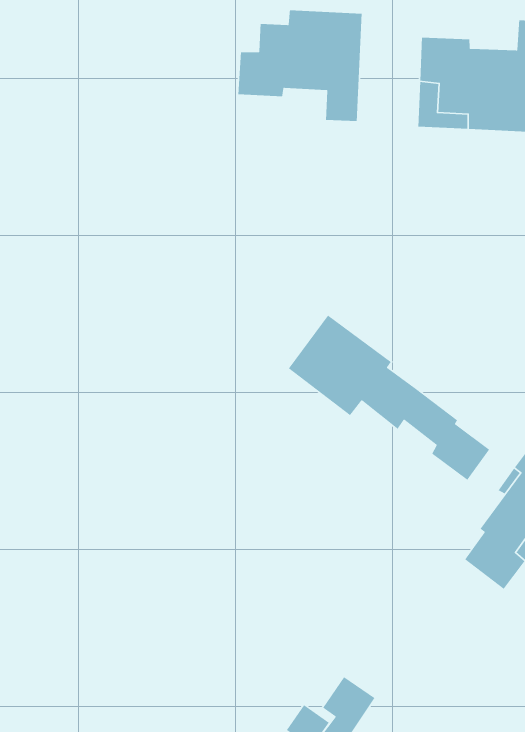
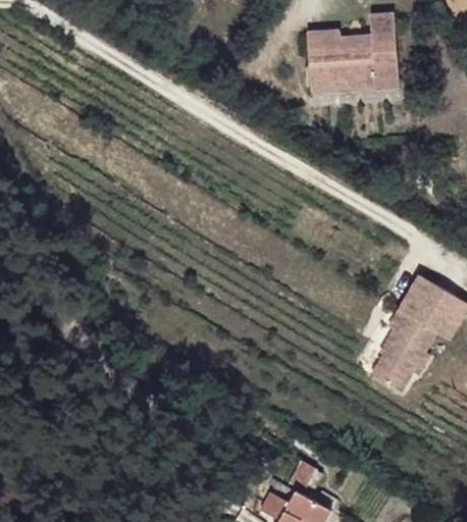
building: [238,9,363,122] -> none
building: [288,315,490,481] -> none

